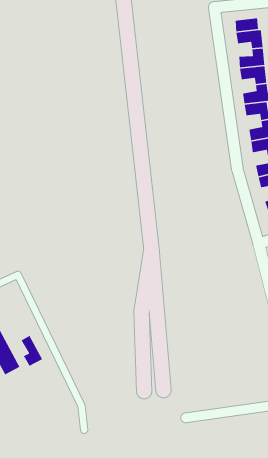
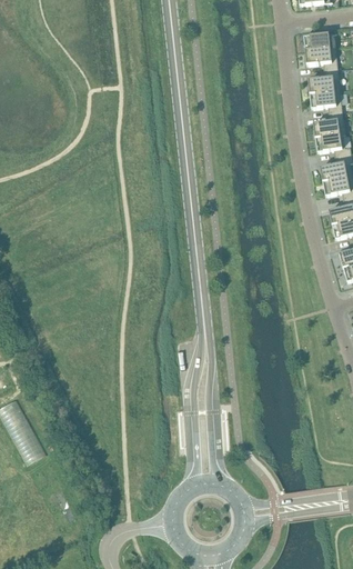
building: [21,335,43,367] -> none

